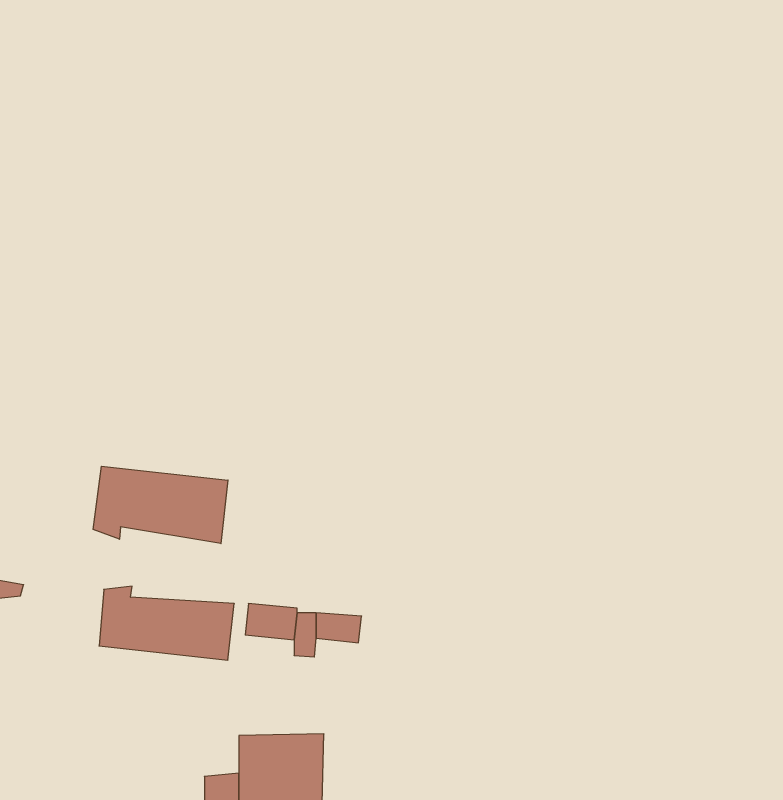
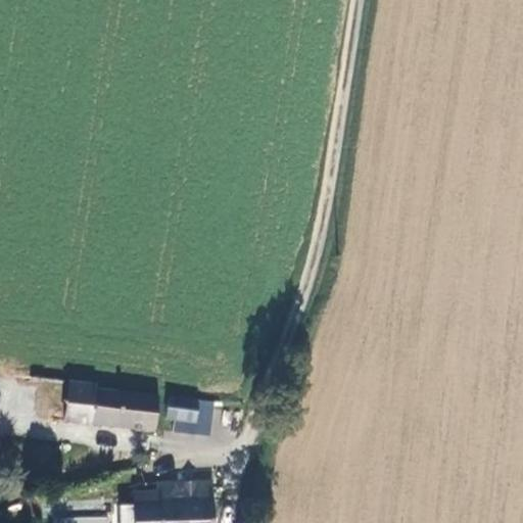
building: [93,466,228,544] -> none

